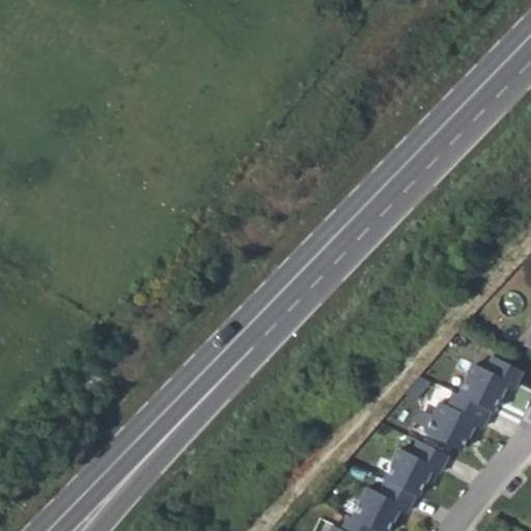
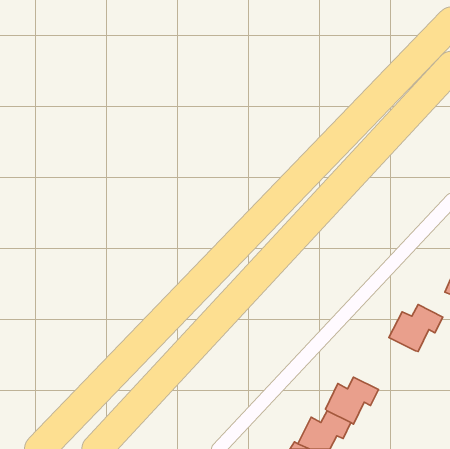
building: [424,393,490,451] -> none

